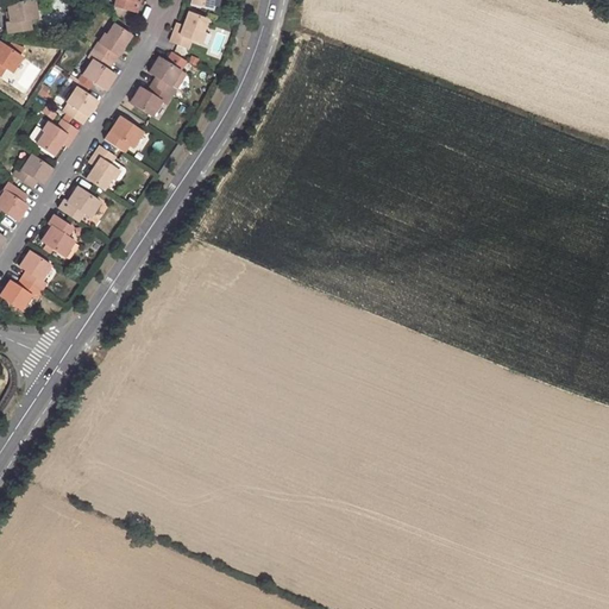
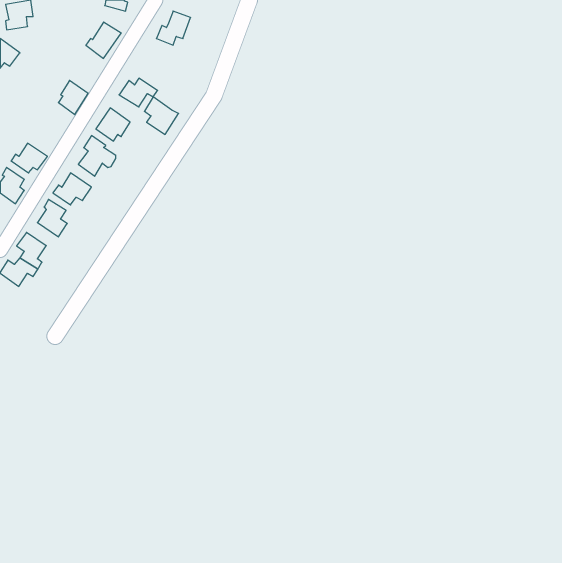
building: [82,49,114,89] -> none
building: [149,57,186,98] -> [144,97,179,134]
building: [37,119,77,155] -> none

